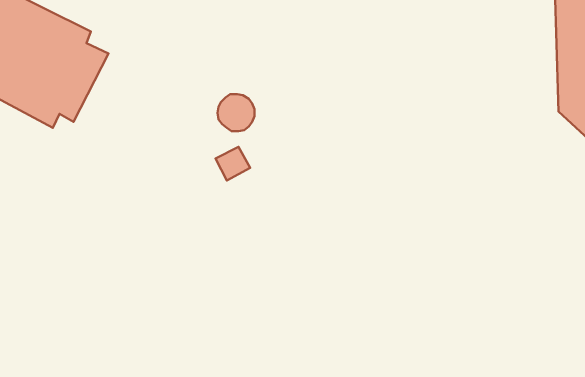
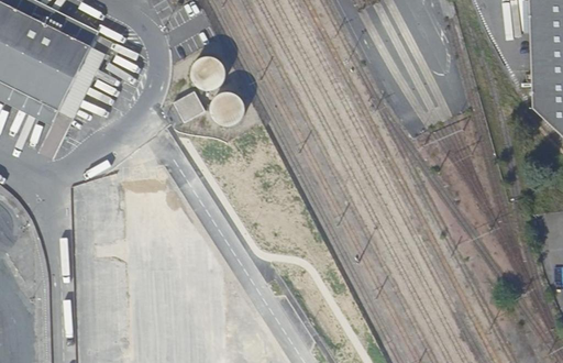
building: none -> [191,55,227,91]
building: [215,147,250,181] -> [173,91,206,123]

